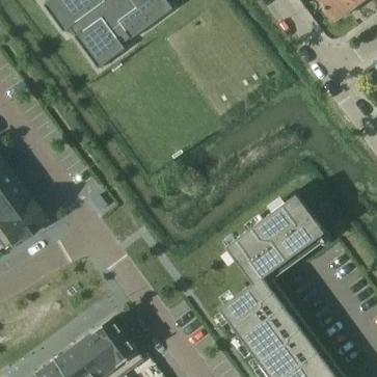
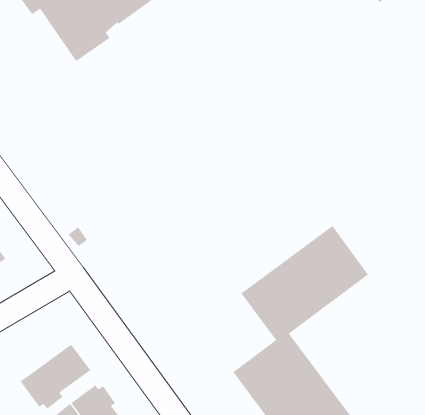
building: none -> [20,344,91,409]

